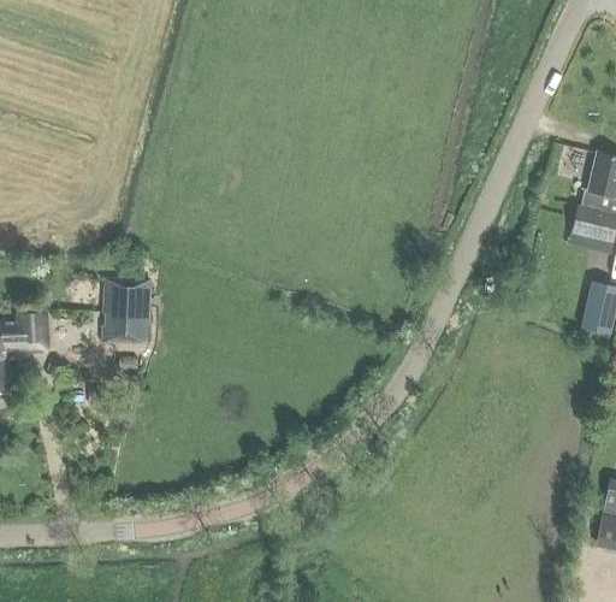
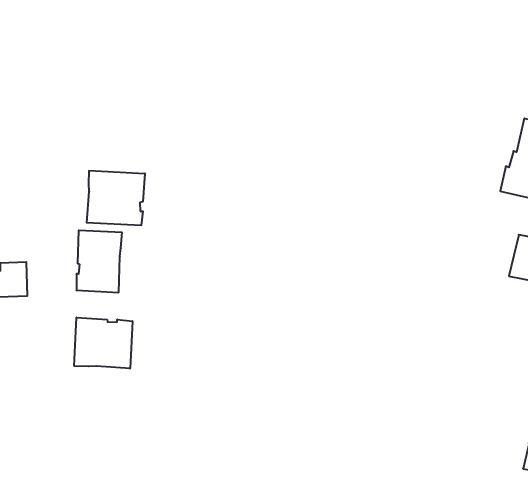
building: none -> [87,171,145,225]
building: none -> [74,317,132,369]

